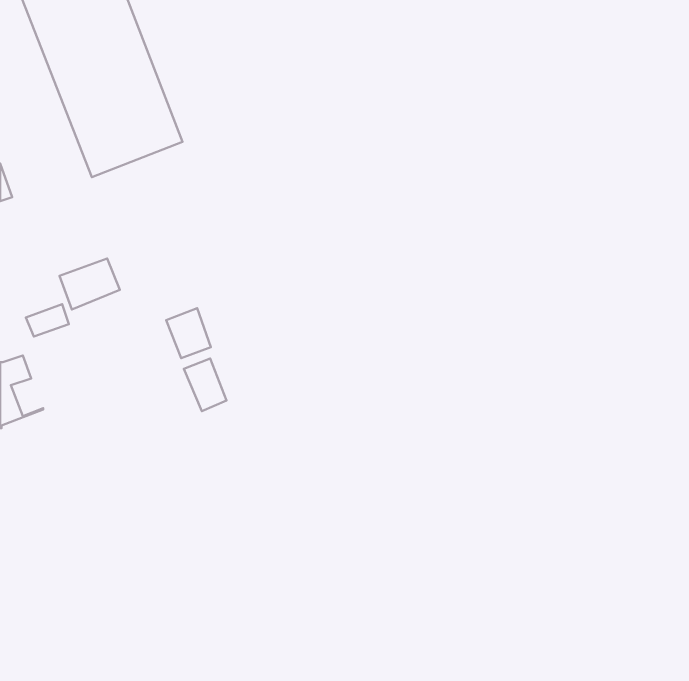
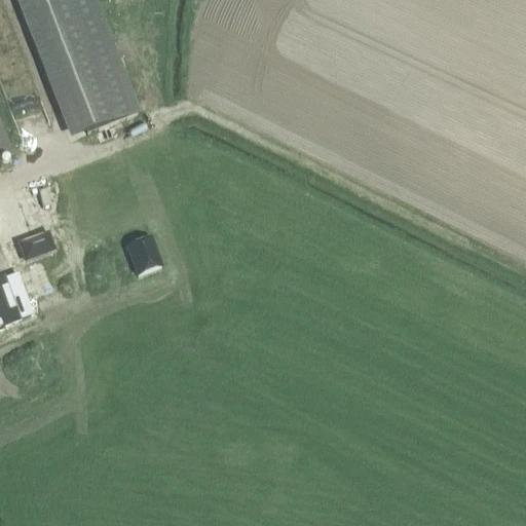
building: [60,258,120,309] -> none
building: [184,359,226,411] -> none

